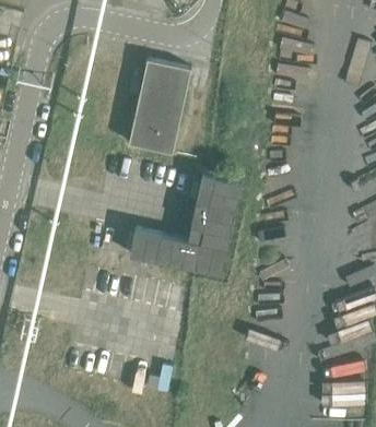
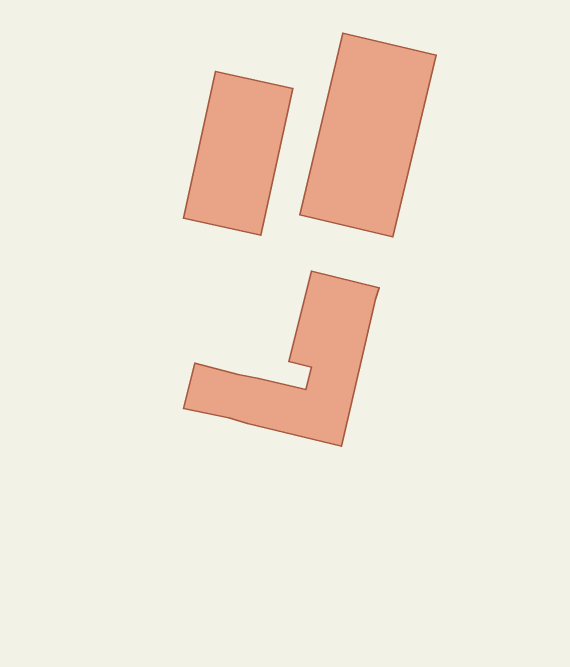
building: none -> [300,33,436,237]

